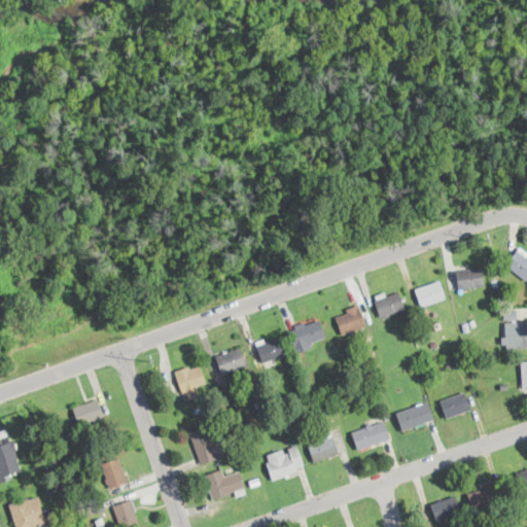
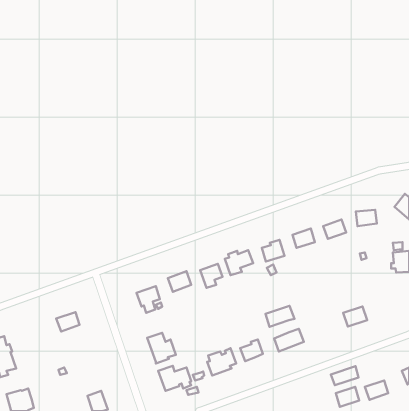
building: [396,403,433,430] -> [265,306,294,327]
building: [101,458,126,488] -> none
building: none -> [331,366,359,385]

